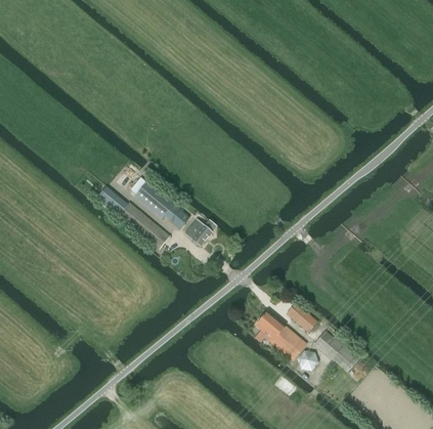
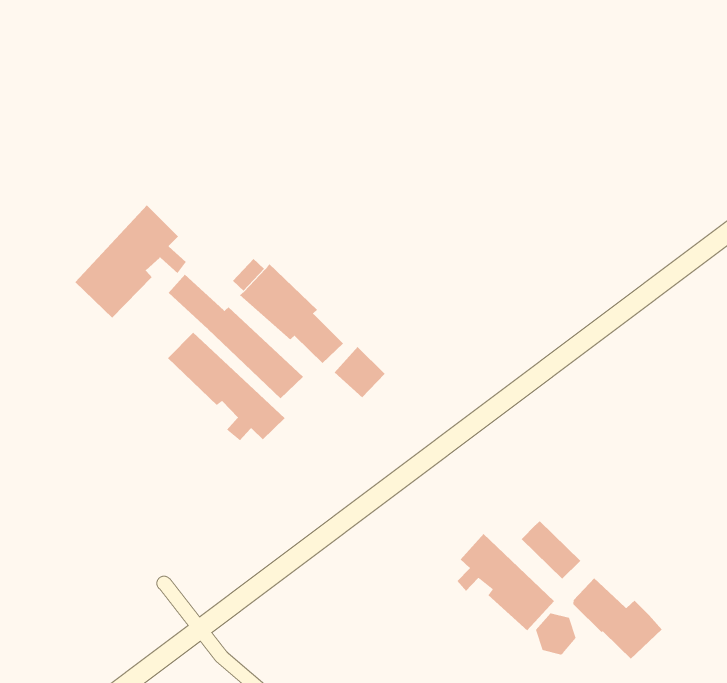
building: none -> [75,205,186,318]
building: none -> [167,332,286,441]

